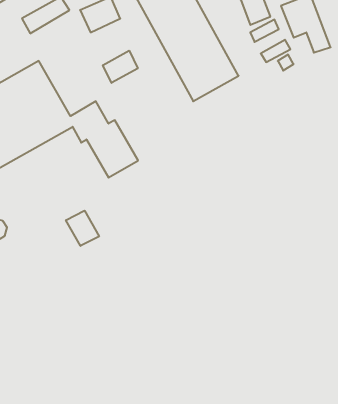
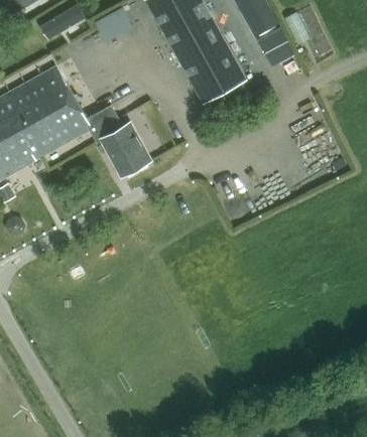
building: [103,51,138,83] -> none
building: [66,211,99,246] -> none

